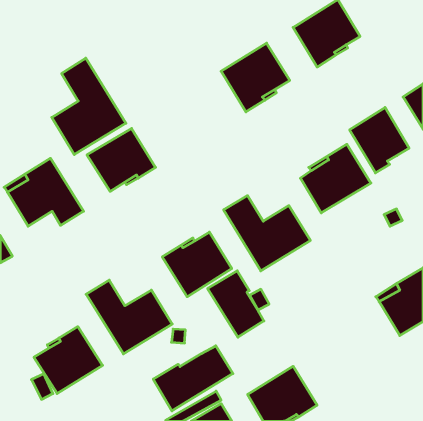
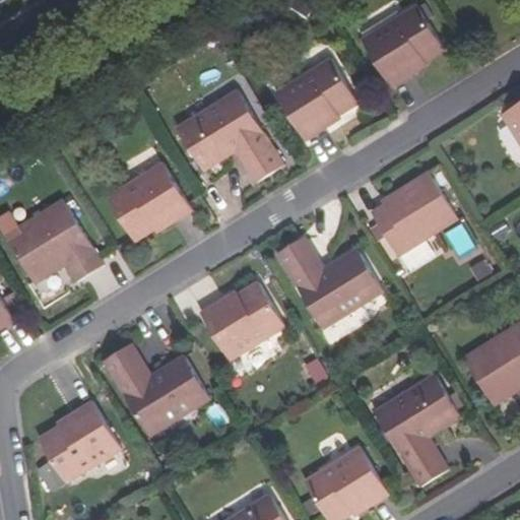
building: [52,58,126,155] -> none
building: none -> [176,85,283,179]
building: [350,107,409,173] -> none
building: [208,271,264,337] -> none
building: none -> [371,379,459,491]
building: [153,346,233,411] -> none

